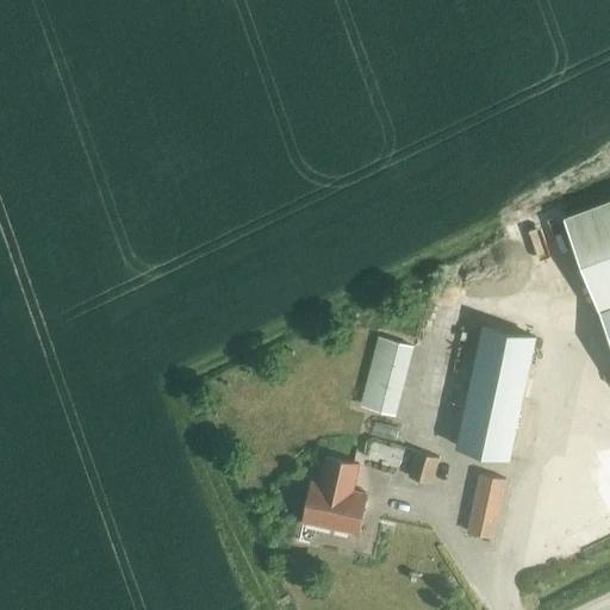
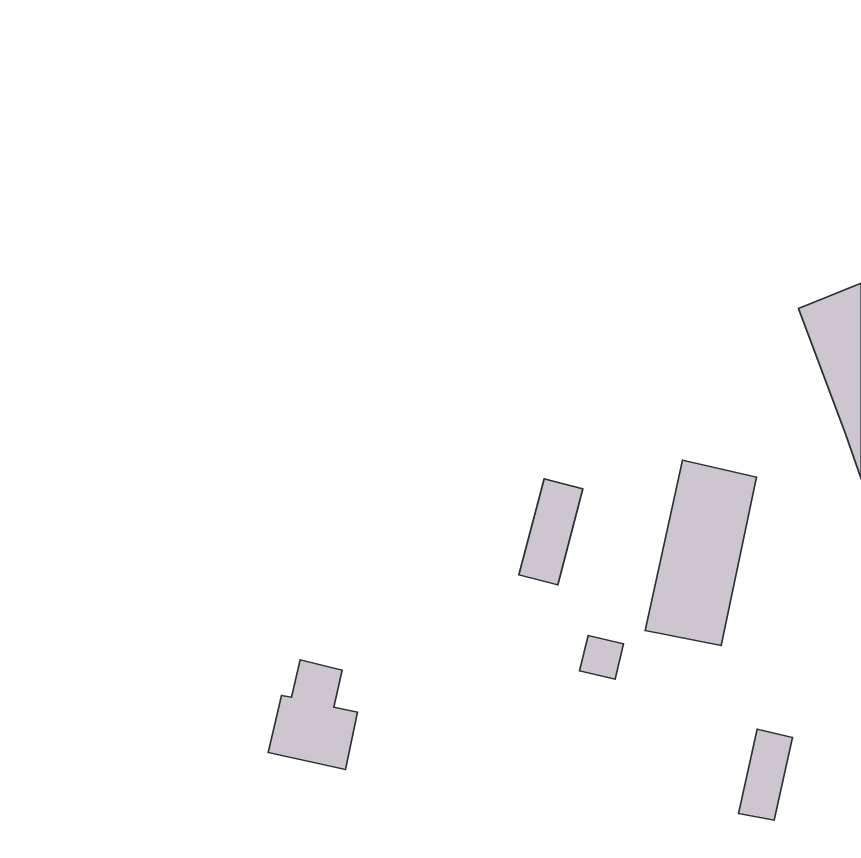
building: [303,458,366,535] -> [268,660,357,770]
building: [467,474,505,539] -> [739,729,793,820]

